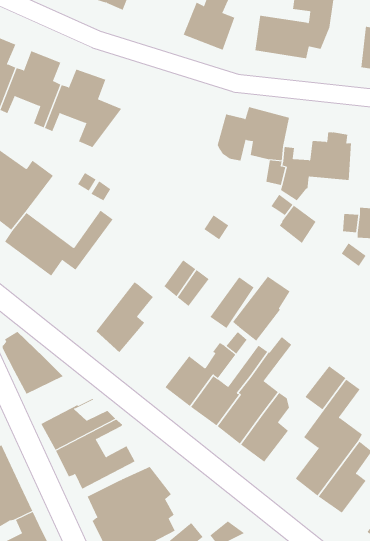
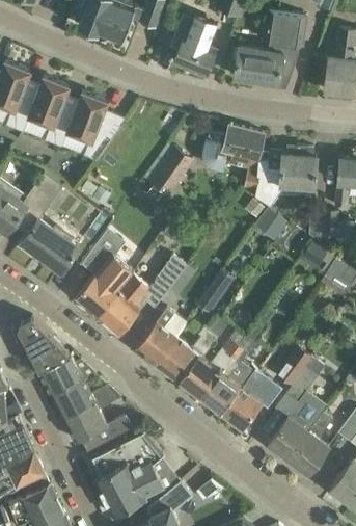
building: none -> [145,148,194,206]
building: none -> [75,252,133,318]
building: [232,276,291,341] -> [136,310,186,366]
building: none -> [38,357,95,397]

